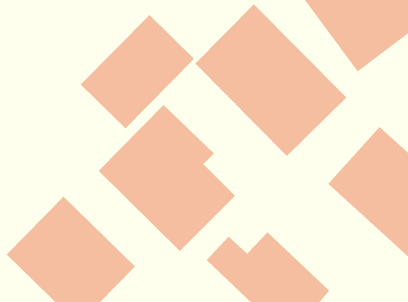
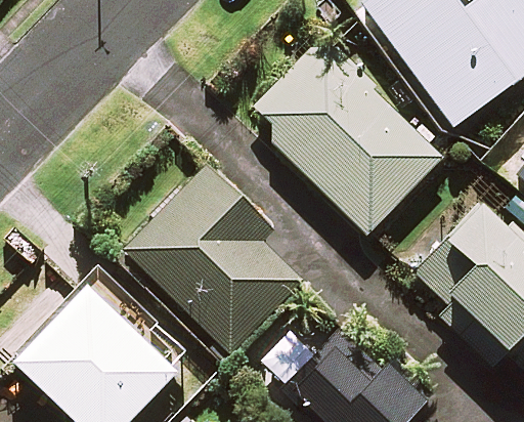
building: [80,14,195,129] -> none

